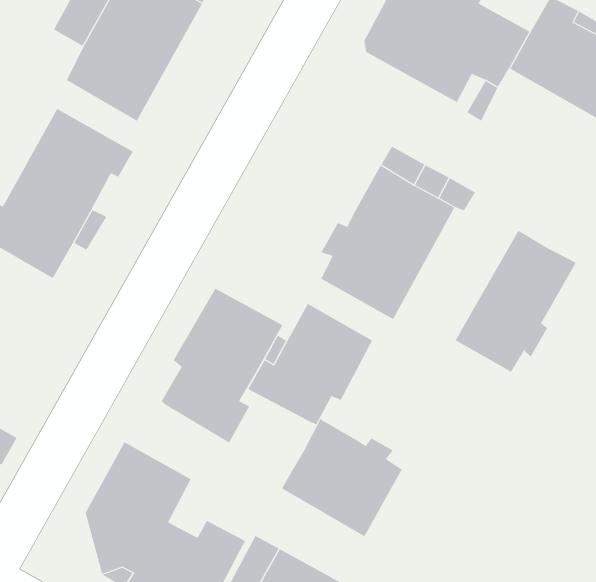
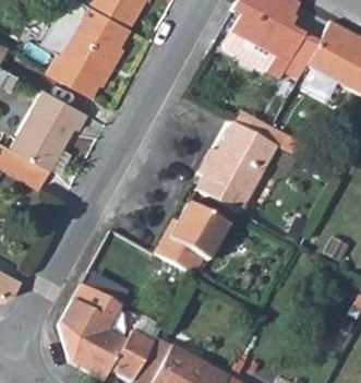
building: [455,230,577,372] -> none
building: [161,288,283,443] -> none
building: [281,418,403,537] -> none

